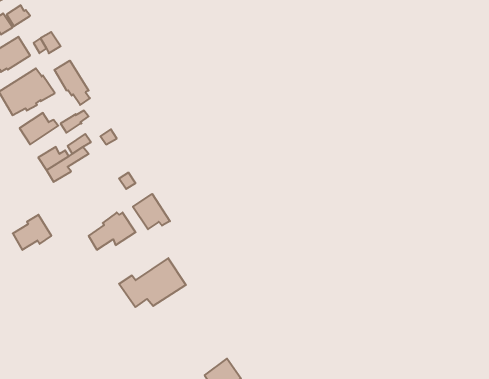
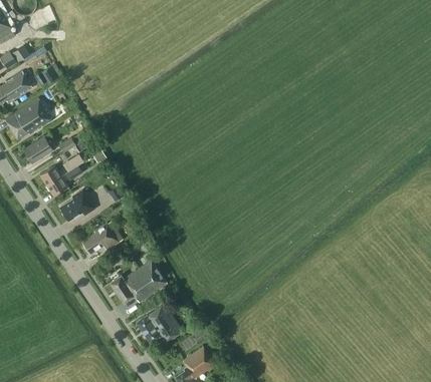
building: [54,61,90,105] -> none
building: [133,194,170,229] -> none
building: [13,215,51,250] -> [60,189,93,220]
building: none -> [136,306,181,342]

